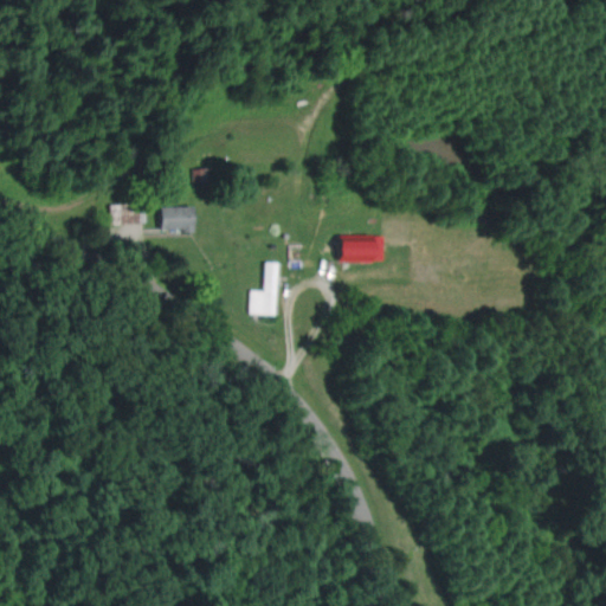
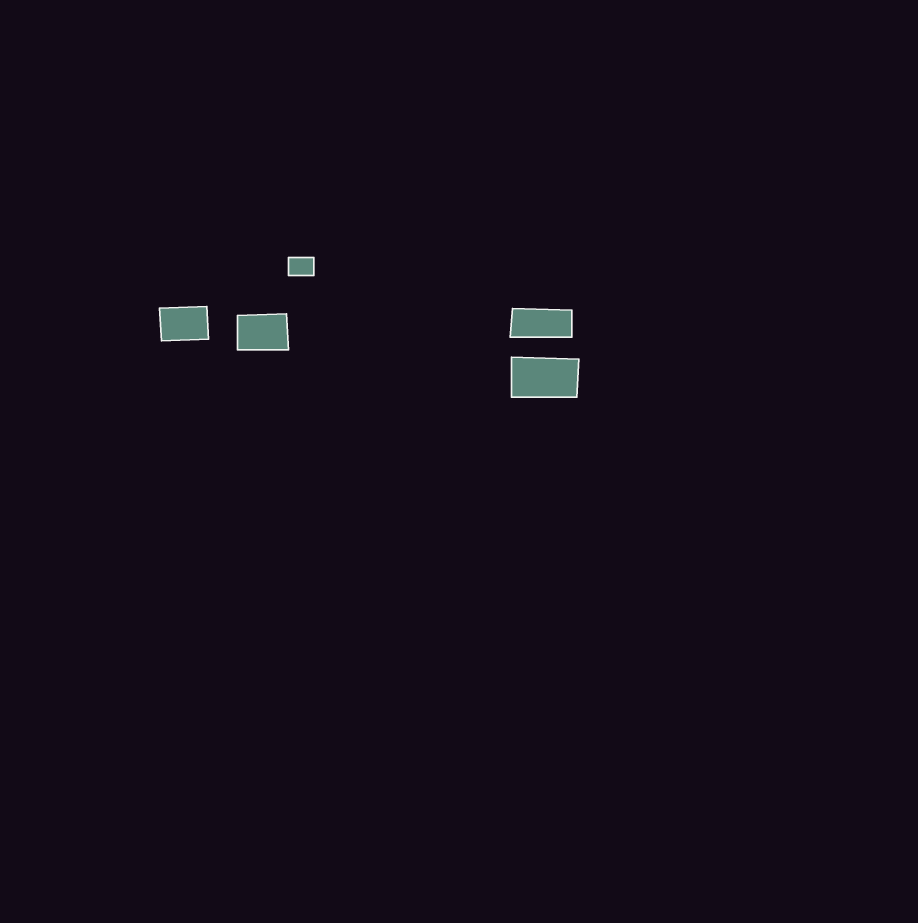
building: none -> [510,309,572,337]
building: [250,263,277,315] -> none

